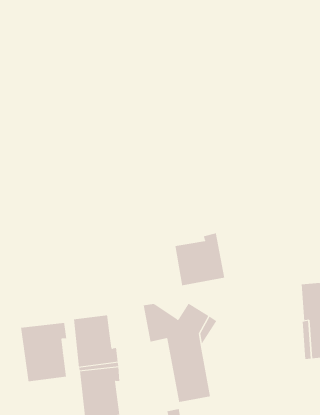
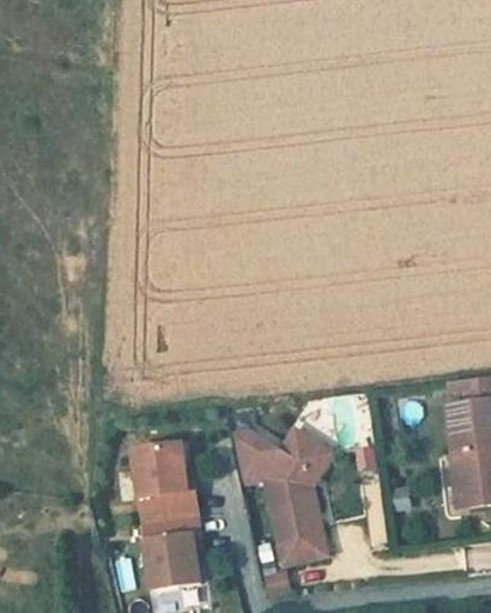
building: [175,232,225,286] -> none
building: [21,322,67,382] -> none

